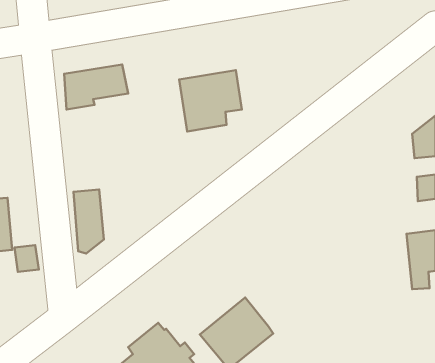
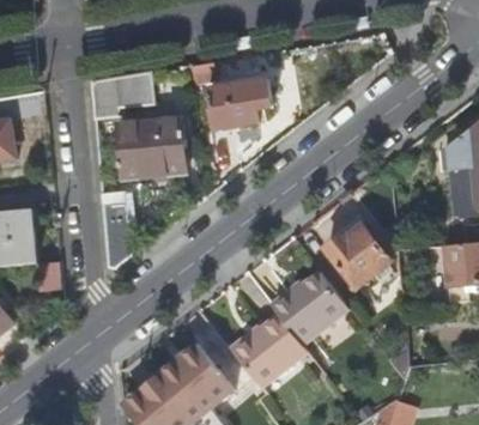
building: none -> [119,116,184,178]
building: none -> [325,226,389,289]
building: none -> [269,271,346,342]

